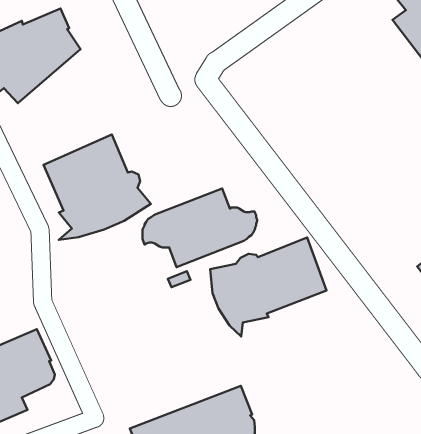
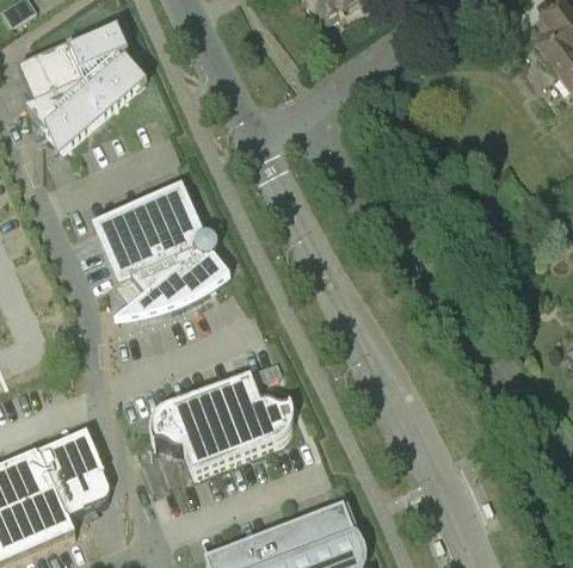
building: [143,189,257,267] -> [150,372,295,471]
building: [210,238,327,337] -> none

